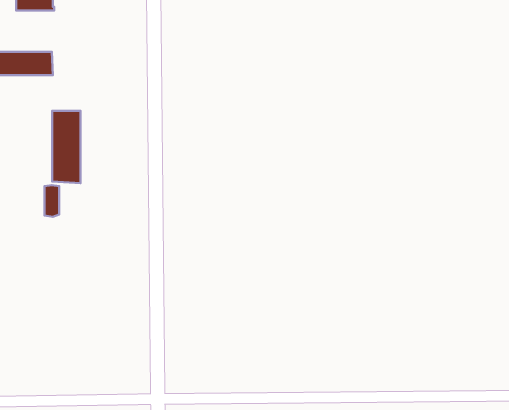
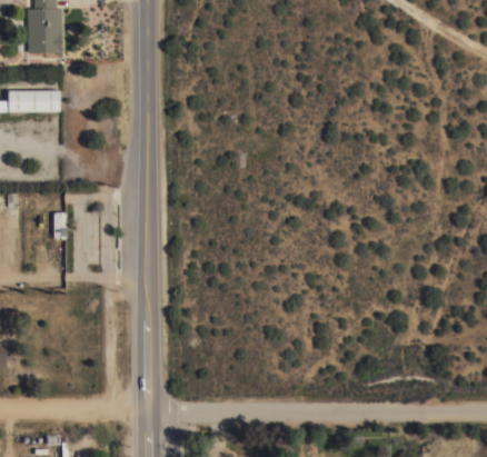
building: [52,111,80,183] -> none

